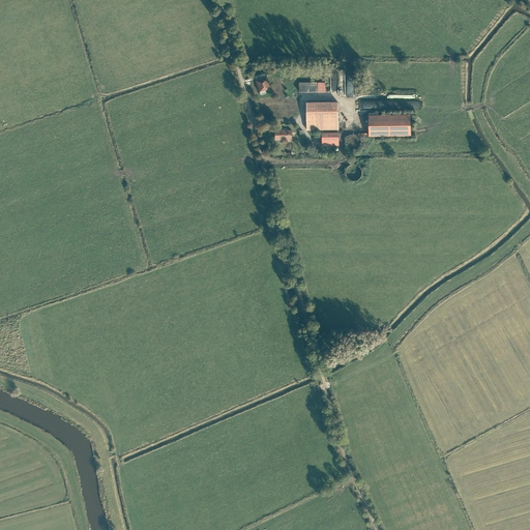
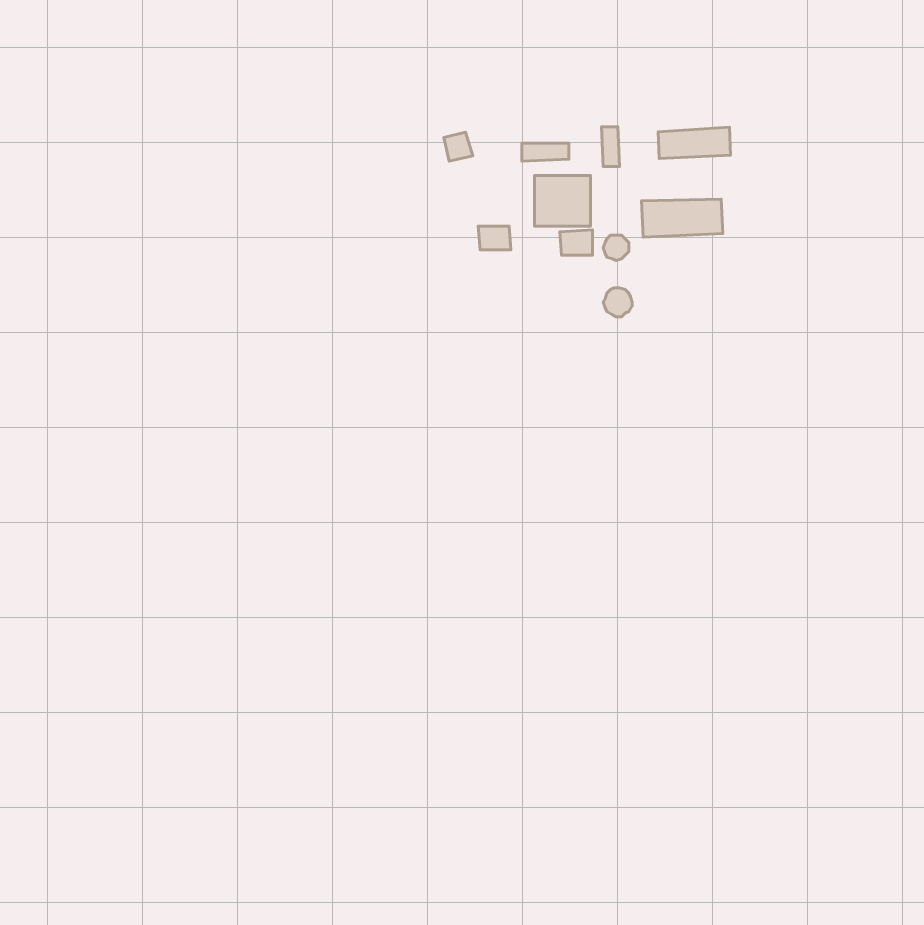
building: none -> [658,127,730,158]

